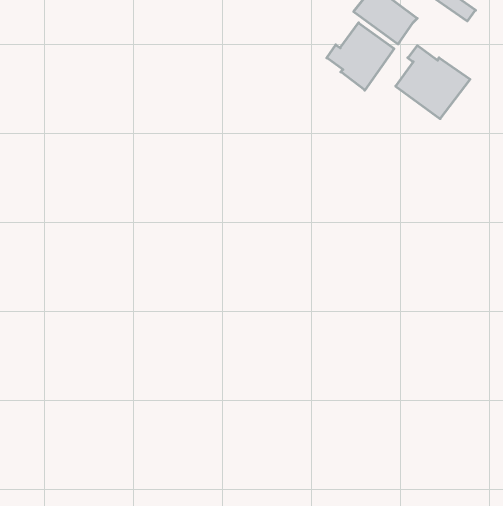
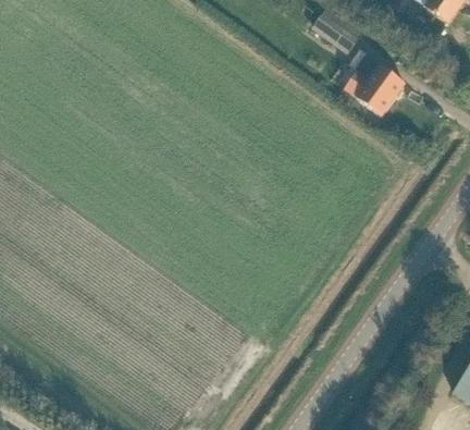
building: [327,23,394,90] -> none

